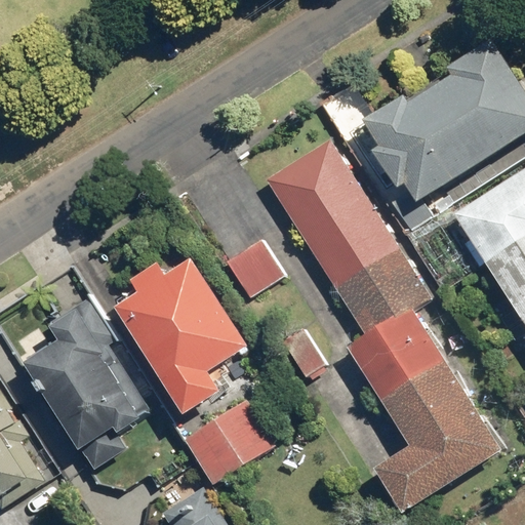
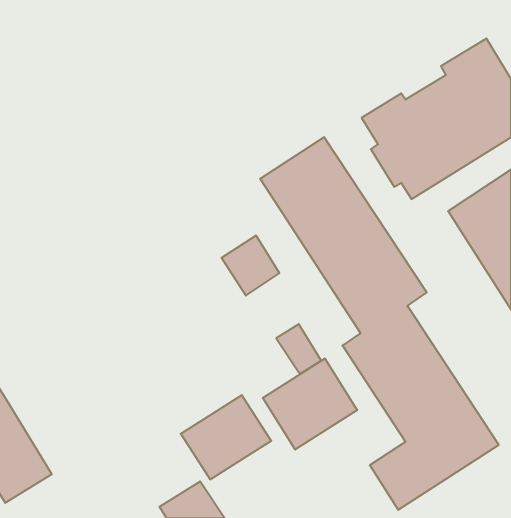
building: [115,257,247,413] -> none
building: [24,298,149,470] -> none
building: none -> [263,358,357,450]

